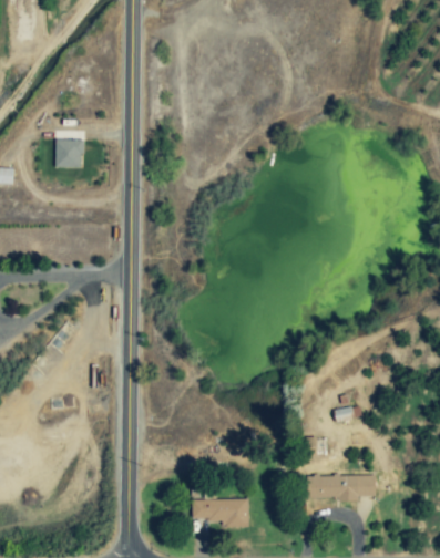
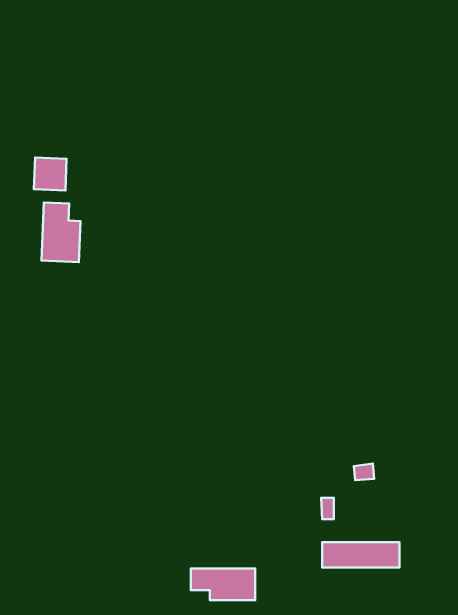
building: none -> [41,202,80,262]

